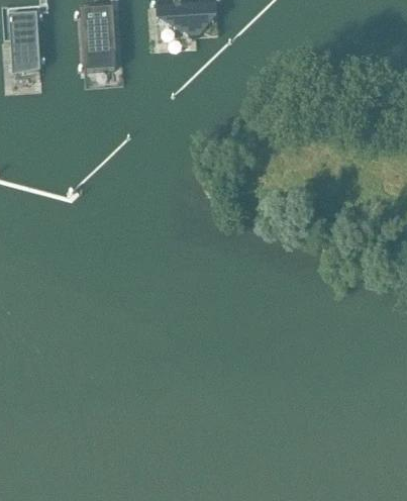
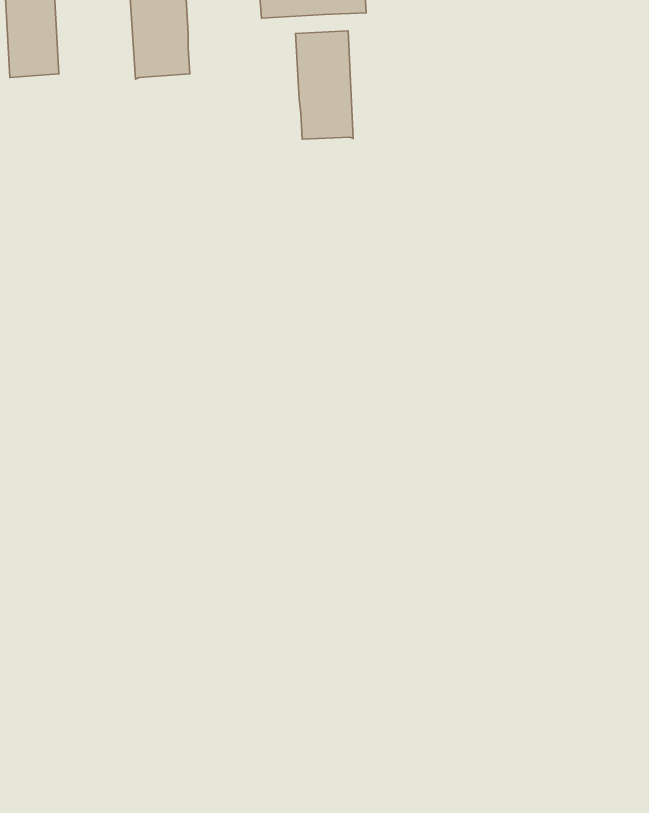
building: none -> [296,31,353,139]

